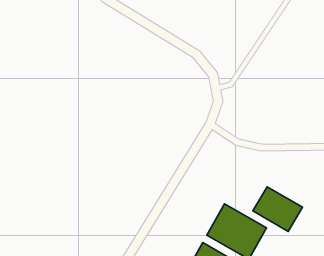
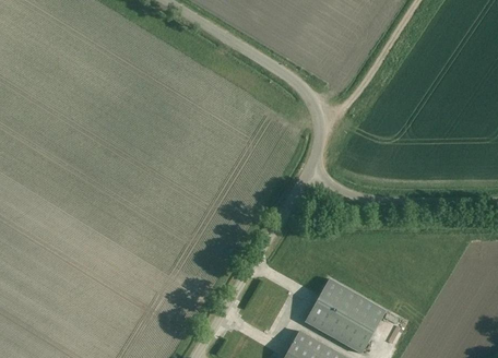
building: [253,187,303,231] -> none

